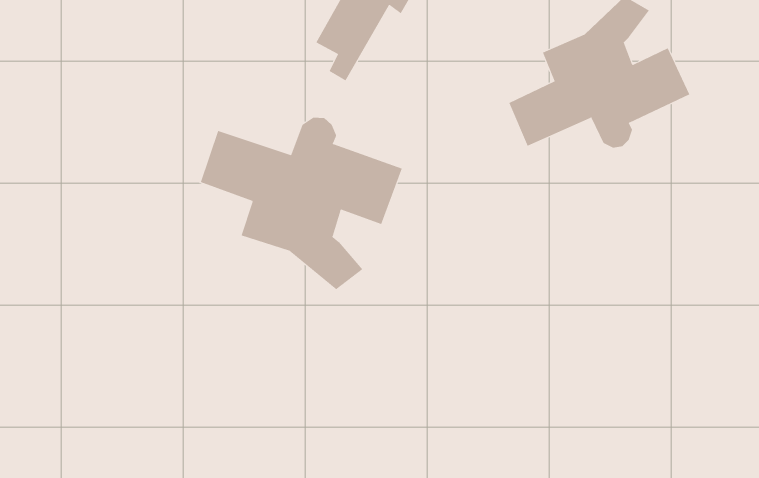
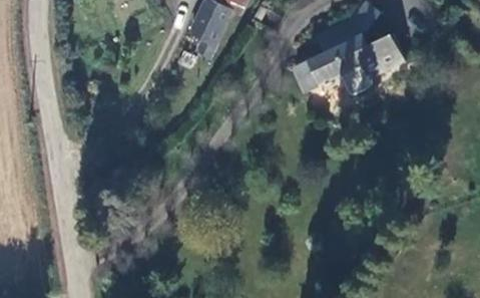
building: [200,117,403,290] -> none

